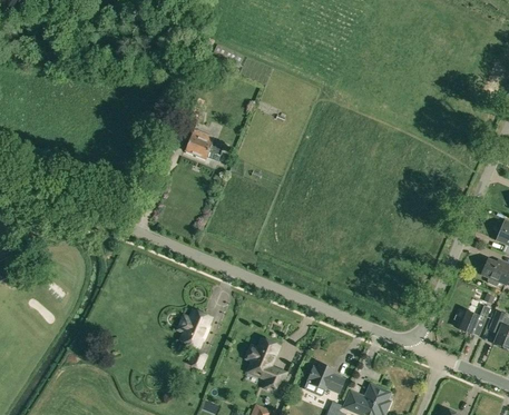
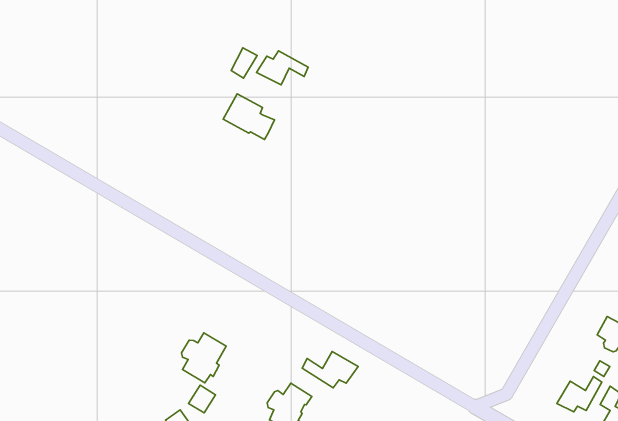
building: none -> [257,51,308,85]
building: none -> [302,351,358,388]

